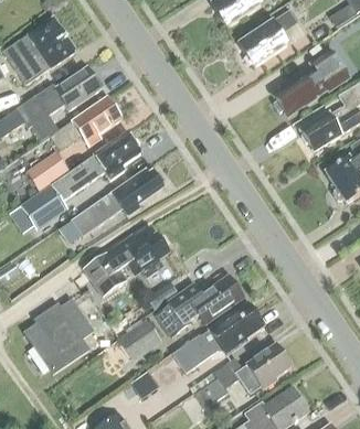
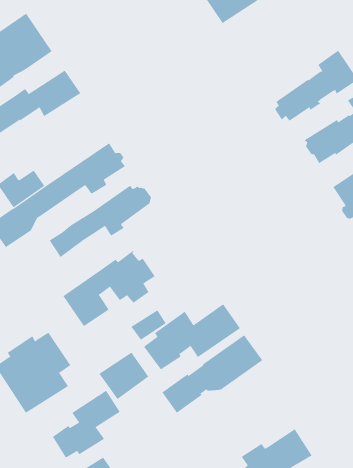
building: [239,10,295,66] -> none
building: [47,97,121,152] -> none
building: [195,344,290,408] -> none
building: none -> [52,390,121,459]

